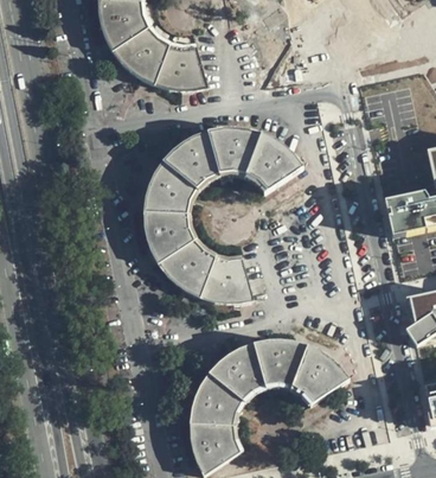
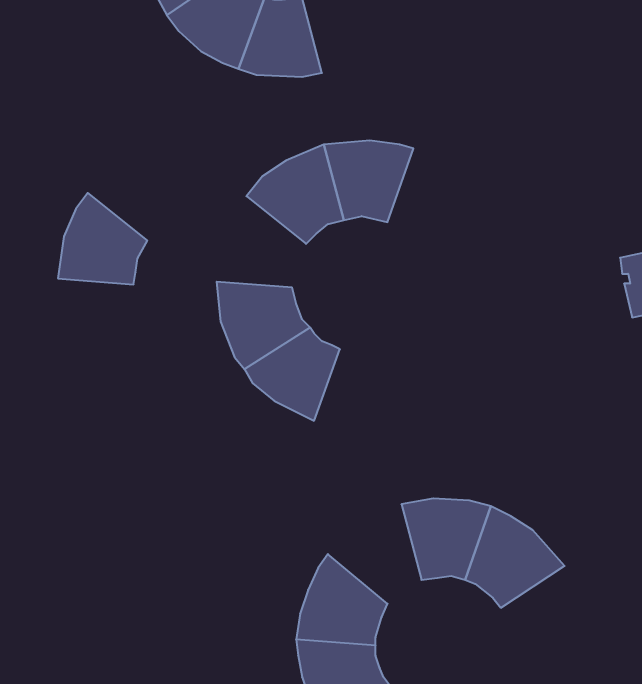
building: [245,132,301,190] -> none
building: [143,160,197,215] -> [58,193,147,284]
building: [201,251,251,299] -> none
building: [210,344,265,403] -> none

